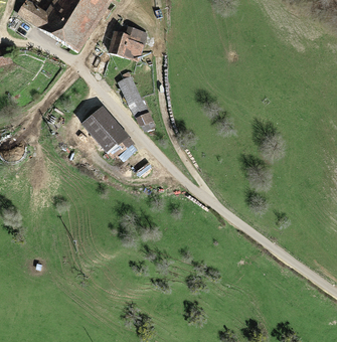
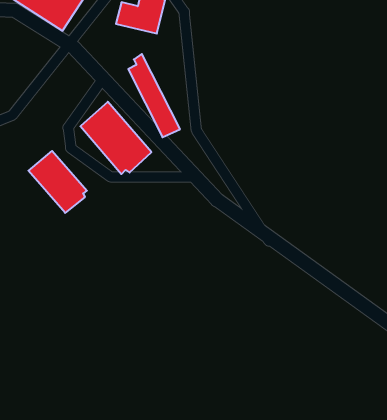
building: none -> [28,151,87,213]

